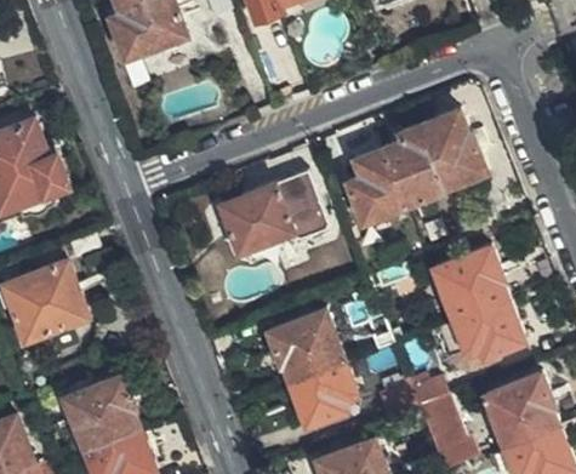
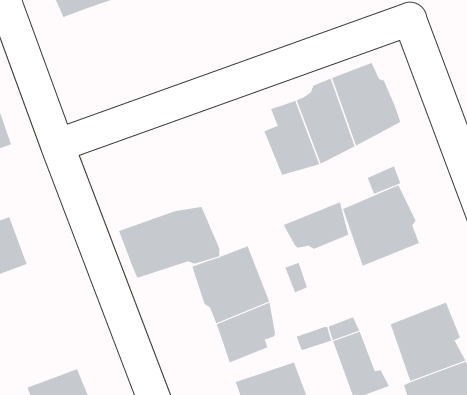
building: [215,177,326,256] -> [118,206,220,279]
building: [451,304,524,356] -> [283,202,349,249]
building: [64,386,139,462] -> none

